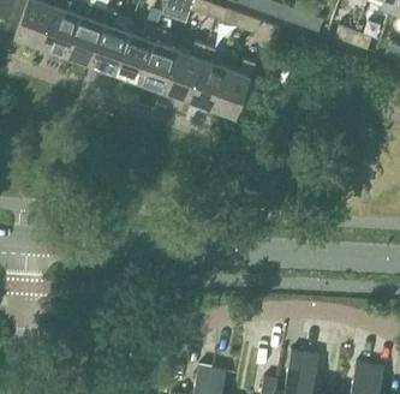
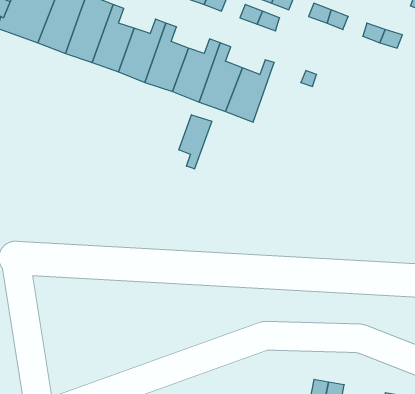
building: none -> [179,115,212,169]

